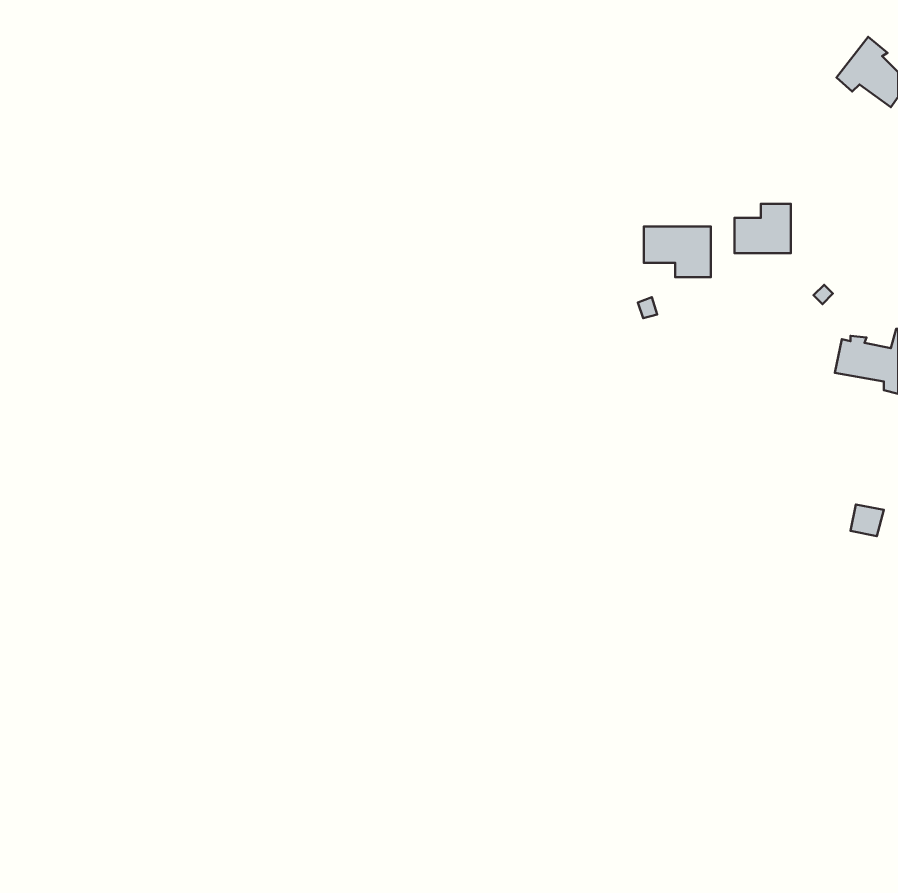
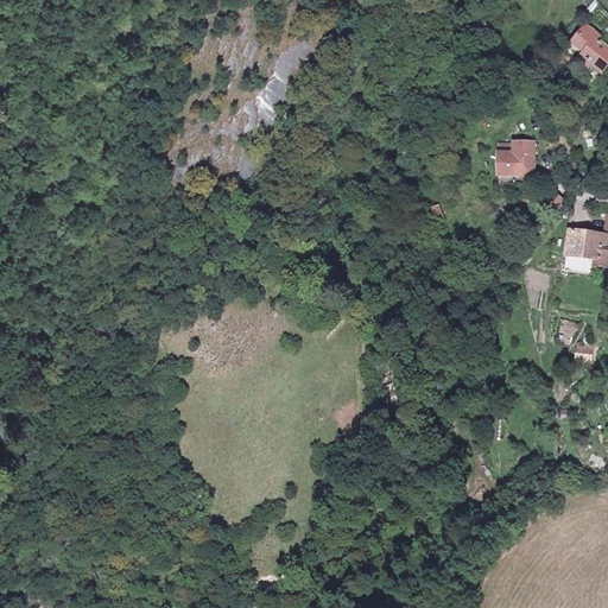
building: [644,227,711,277] -> none

